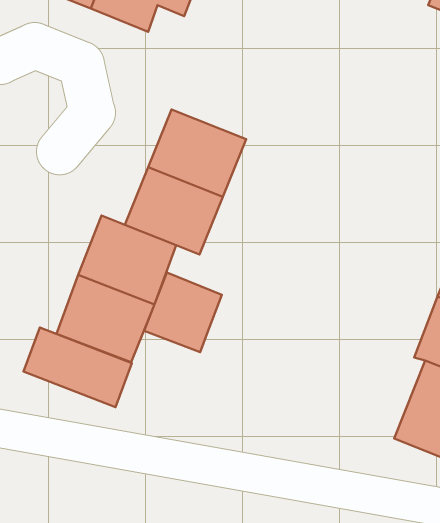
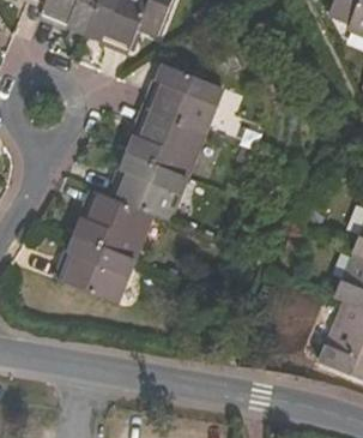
building: none -> [147,62,222,131]
building: [144,273,222,352] -> none
building: [24,328,132,407] -> none

